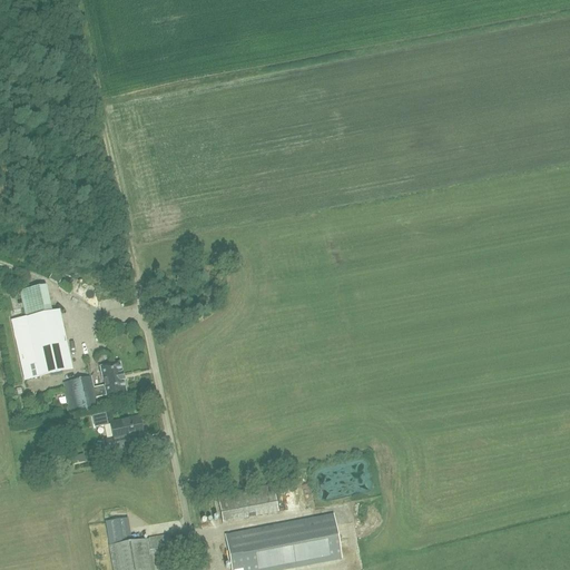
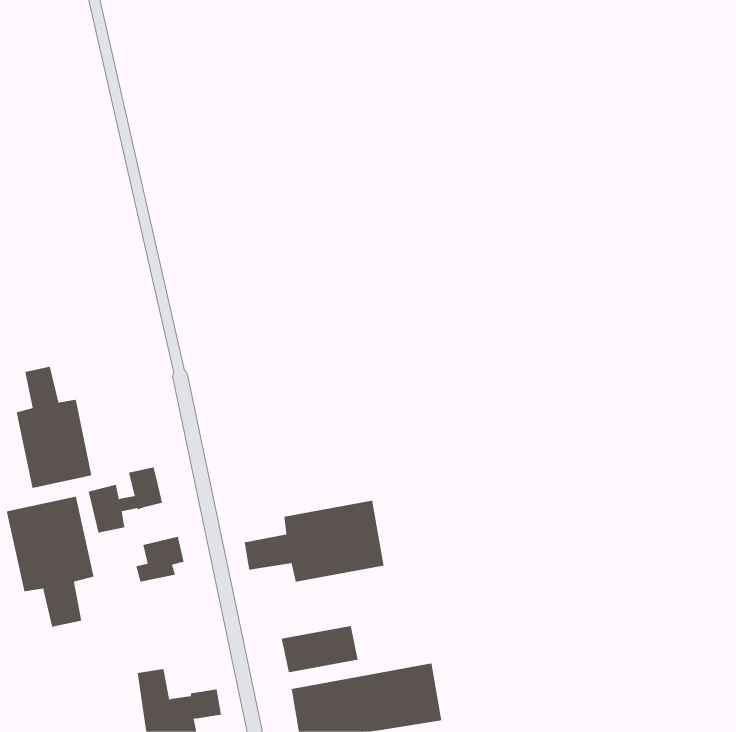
building: none -> [6,496,94,627]
building: none -> [244,500,384,583]

